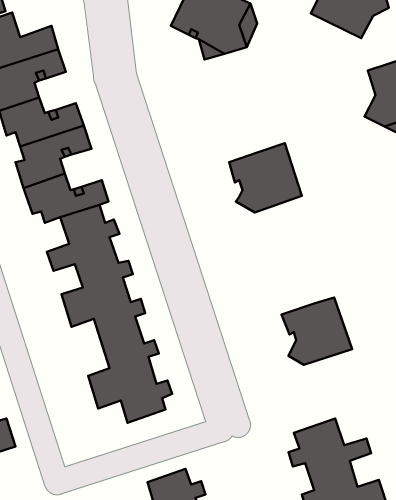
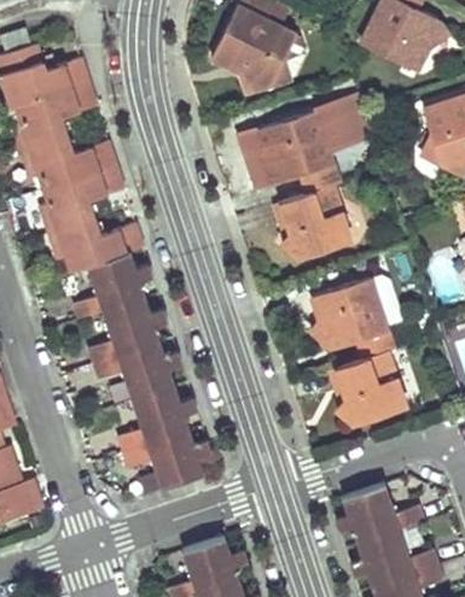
building: none -> [252,104,368,195]
building: none -> [312,279,394,358]

